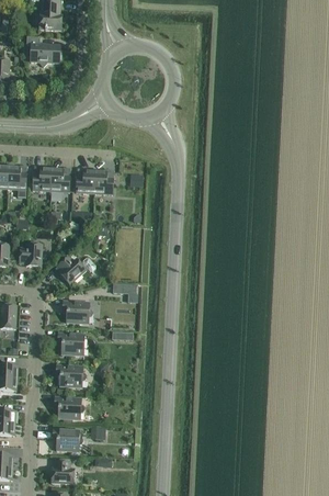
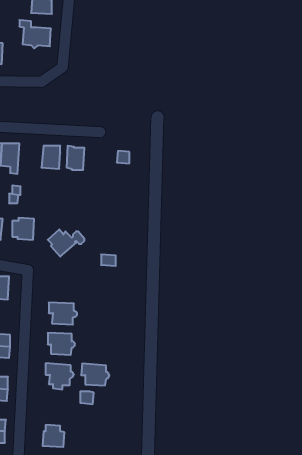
building: [32,165,52,190] -> none
building: [93,169,113,193] -> none
building: [61,300,91,323] -> none
building: [52,427,81,450] -> [81,364,109,385]

